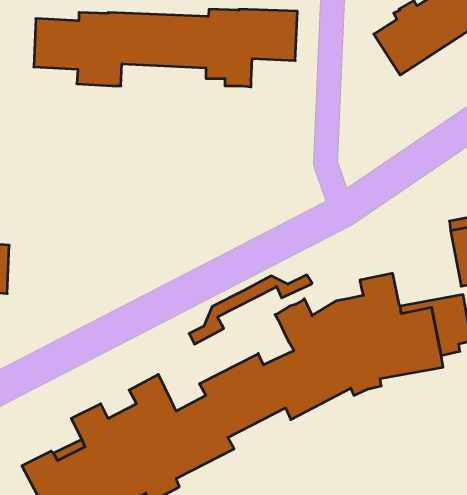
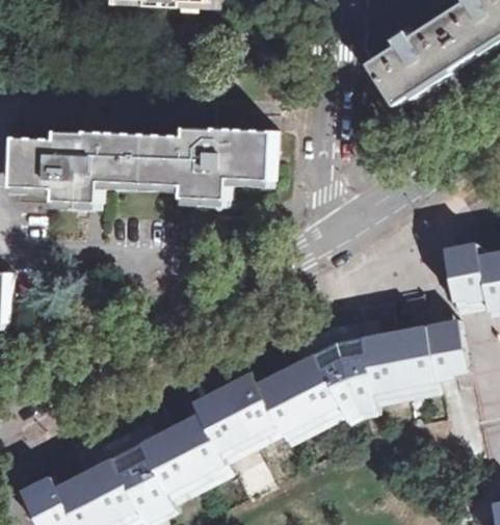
building: [34,9,297,87] -> [14,131,274,208]
building: [189,275,312,344] -> [169,371,291,440]

